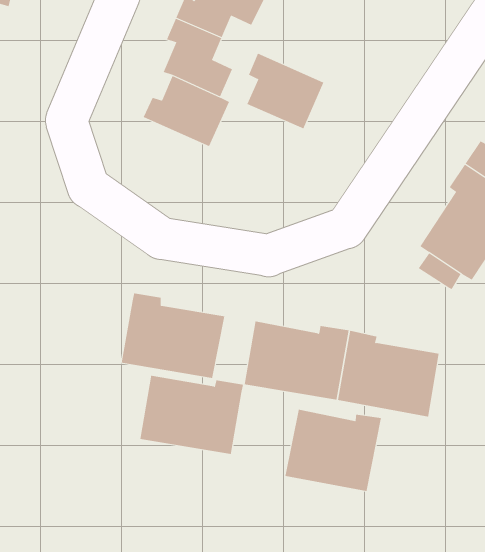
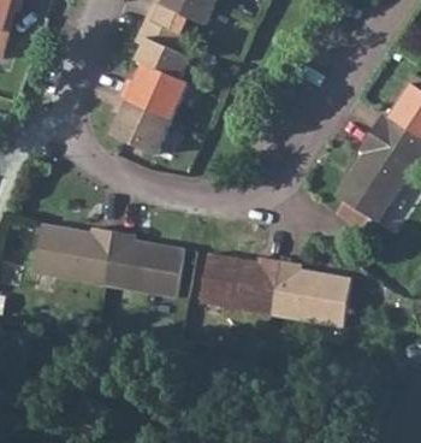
building: [246,53,324,129] -> [112,94,172,153]
building: [140,375,244,455] -> [32,223,113,284]
building: [285,409,381,492] -> none

